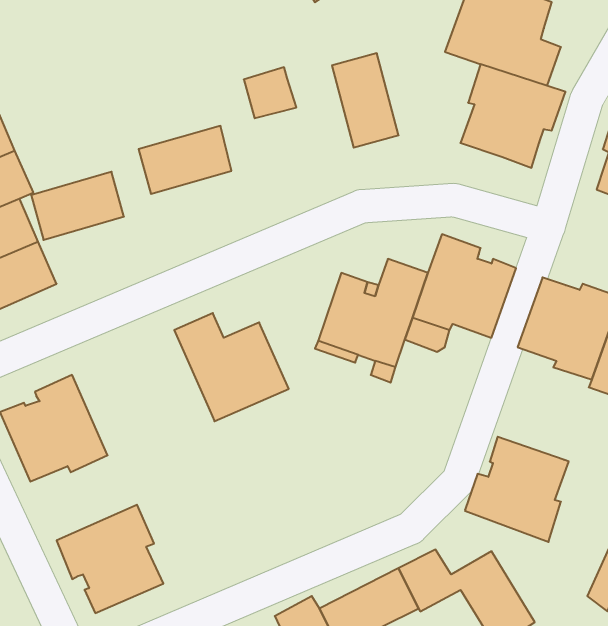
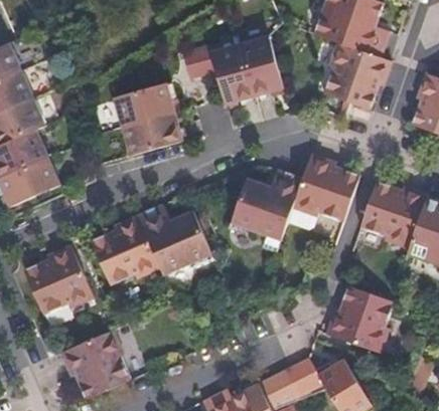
building: none -> [210,44,254,105]
building: [31,172,124,240] -> [122,113,182,157]
building: none -> [90,216,160,285]

